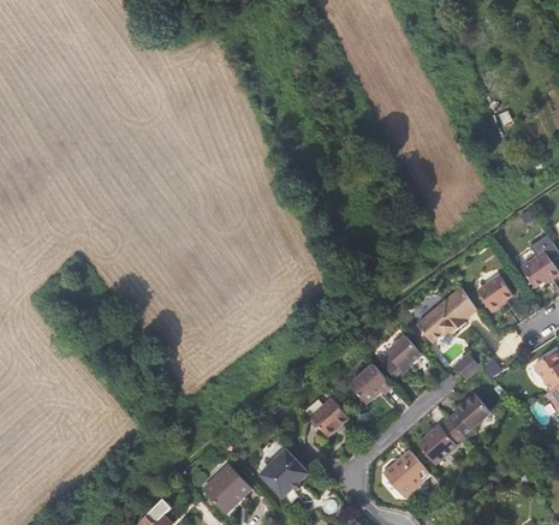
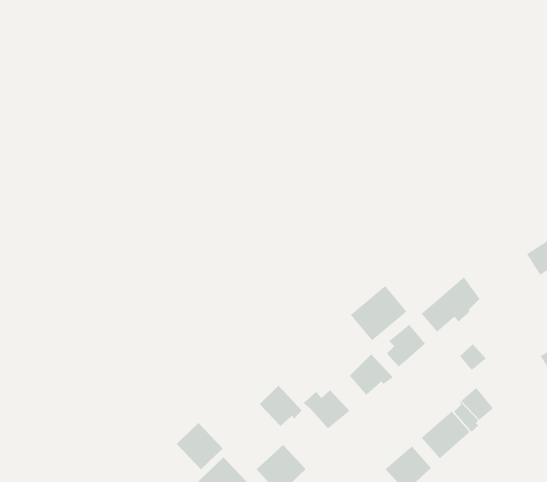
building: [477,274,513,309] -> none
building: none -> [350,285,407,341]
building: none -> [259,385,302,427]
building: none -> [176,422,223,470]

